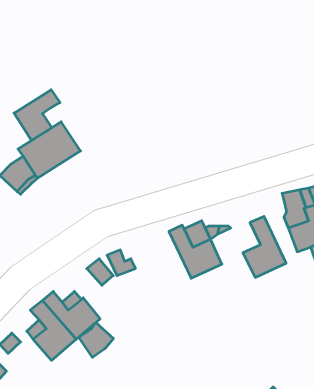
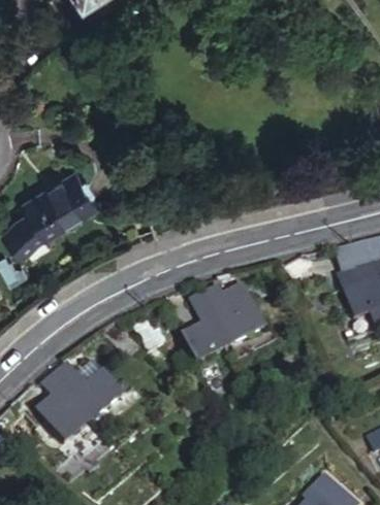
building: [14,90,60,140] -> none
building: [243,216,286,277] -> [179,293,229,364]
building: [79,323,113,357] -> none

